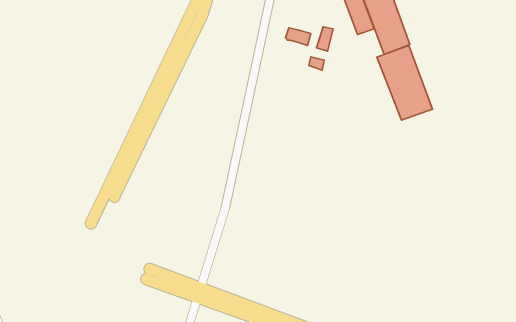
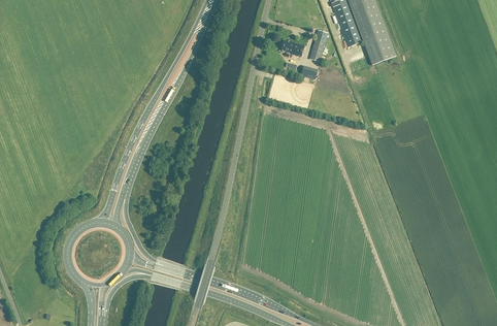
building: [377,45,433,120] -> none

